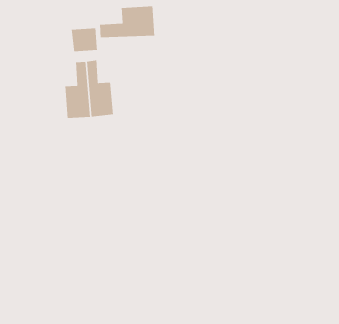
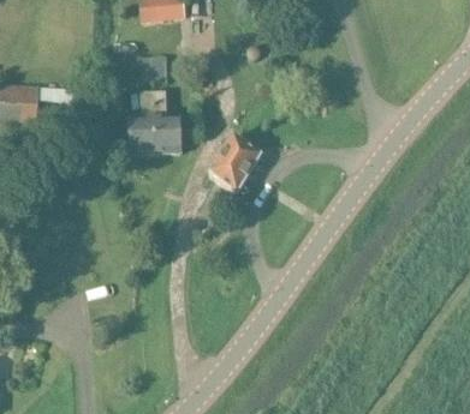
building: [99,5,155,38] -> none
building: none -> [209,134,262,191]

